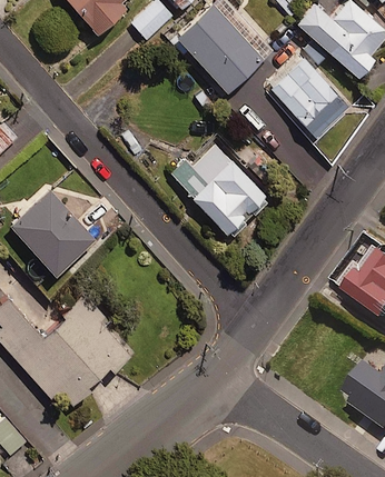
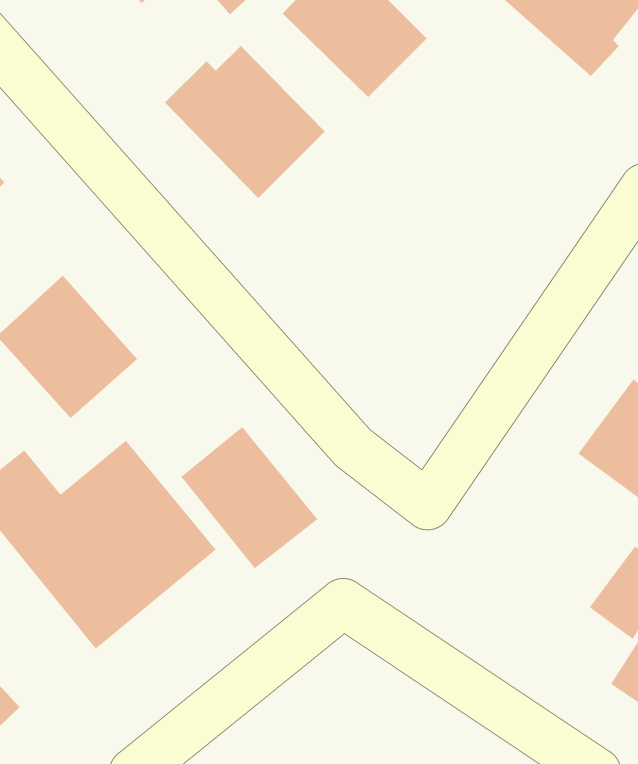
building: [266,56,351,140] -> none
building: [170,143,264,232] -> [164,45,325,199]
building: none -> [181,426,318,569]

